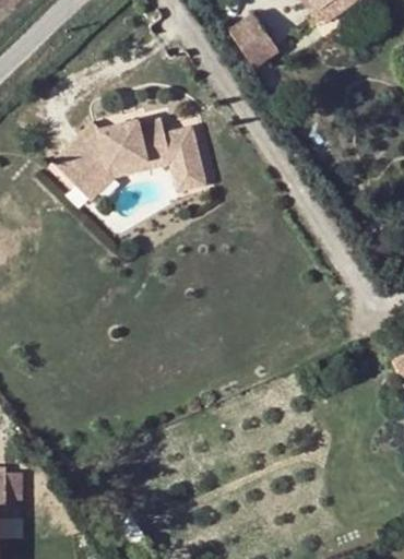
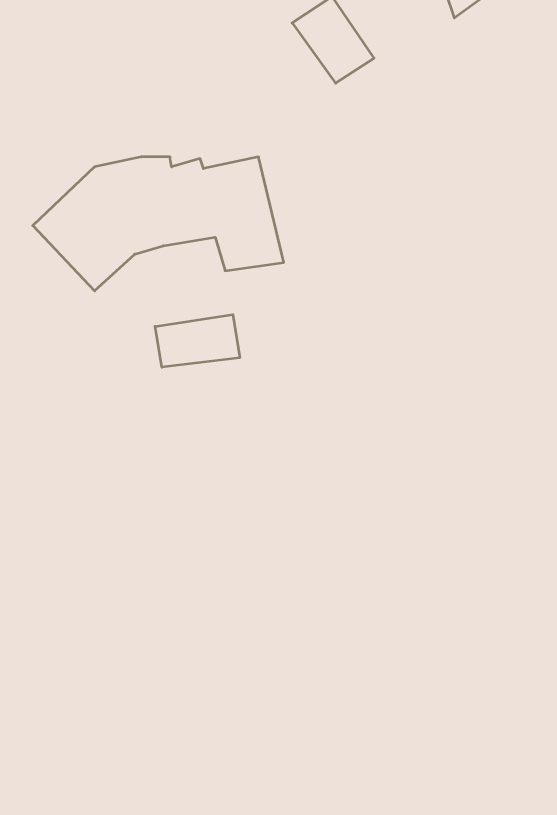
building: none -> [155,315,240,367]

